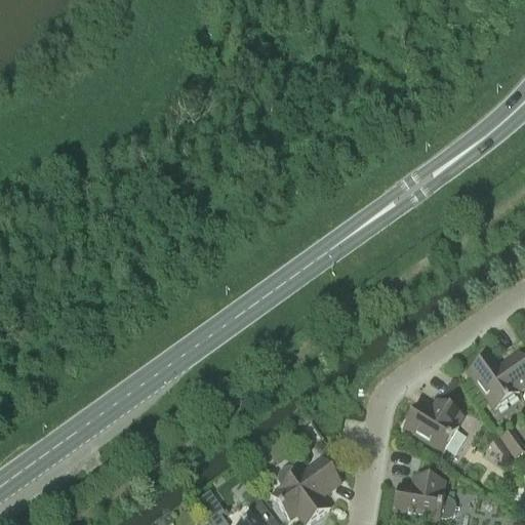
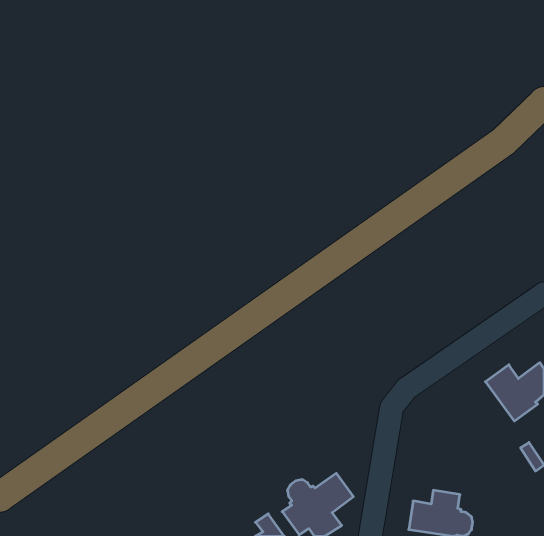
building: [403,399,462,449] -> none

